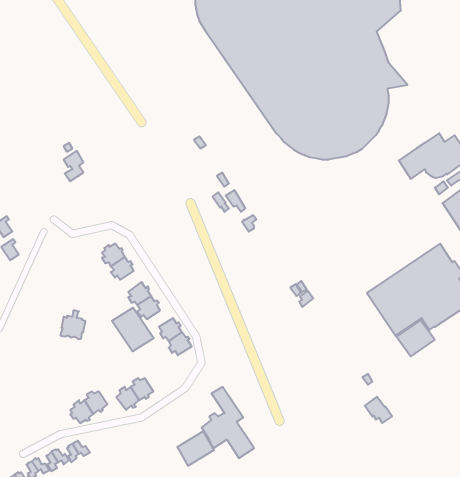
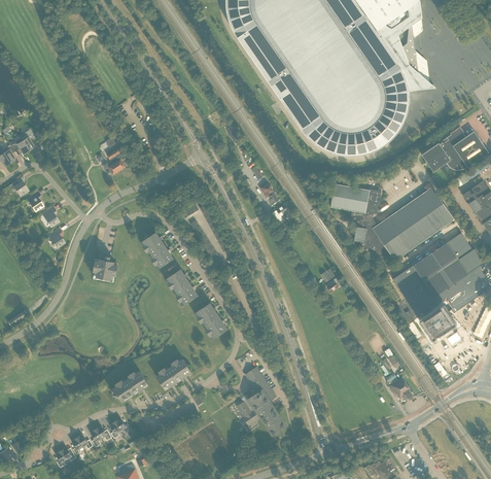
building: none -> [329,183,453,264]
building: [112,308,154,351] -> none
building: [60,310,85,339] -> [93,254,116,281]
building: [177,431,214,466] -> none

